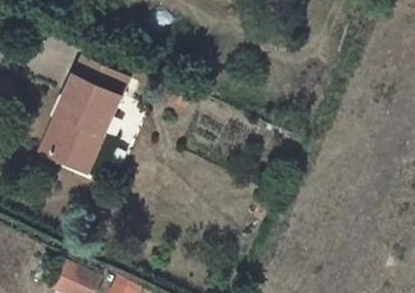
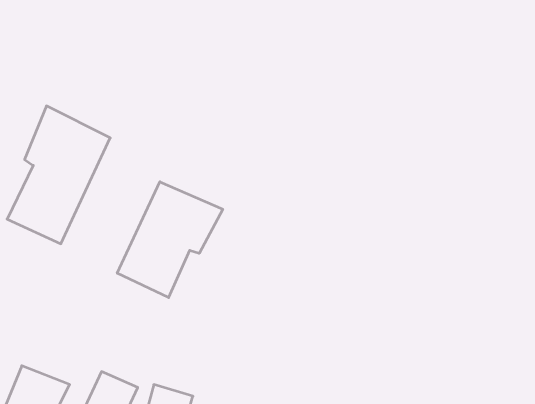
building: [59,59,113,99] -> none
building: none -> [117,182,223,298]

